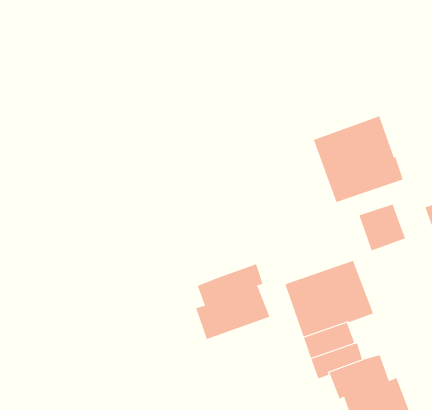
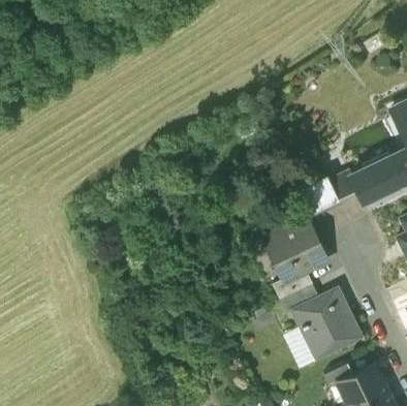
building: [313,116,404,203] -> none
building: [195,263,270,340] -> none

